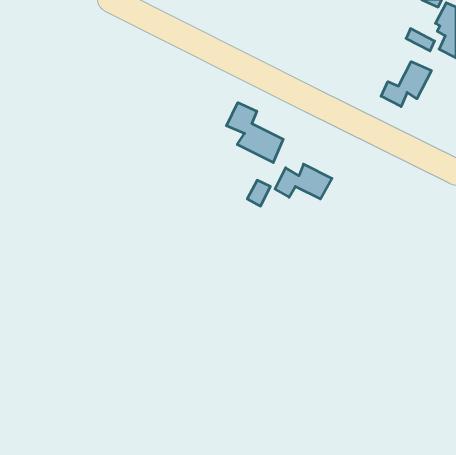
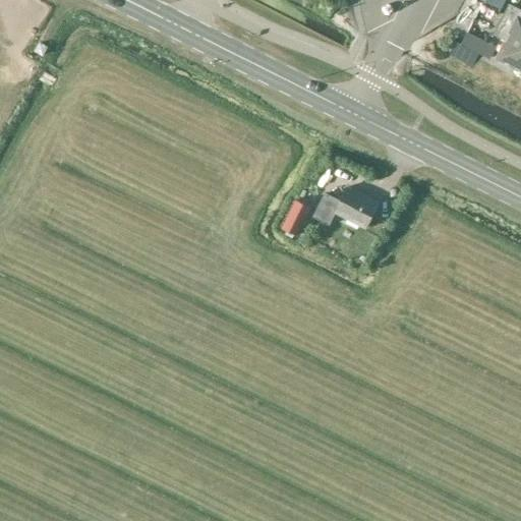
building: [381,62,431,107] -> none
building: [226,103,283,163] -> none

